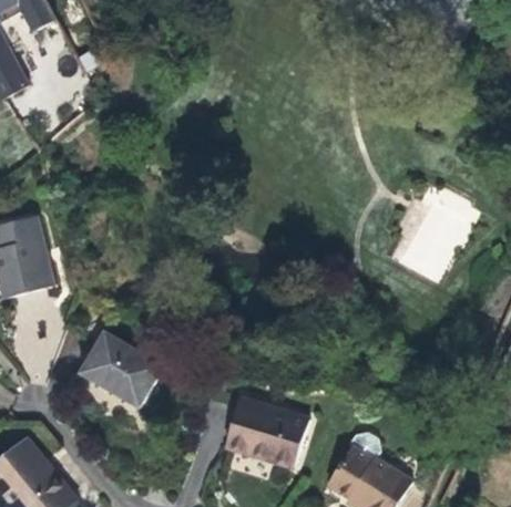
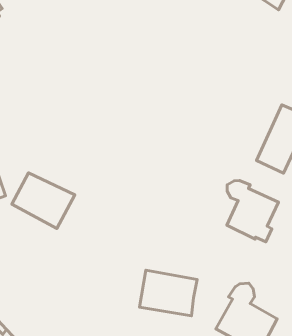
building: none -> [227,181,278,242]
building: [79,331,165,410] -> [12,173,75,229]

